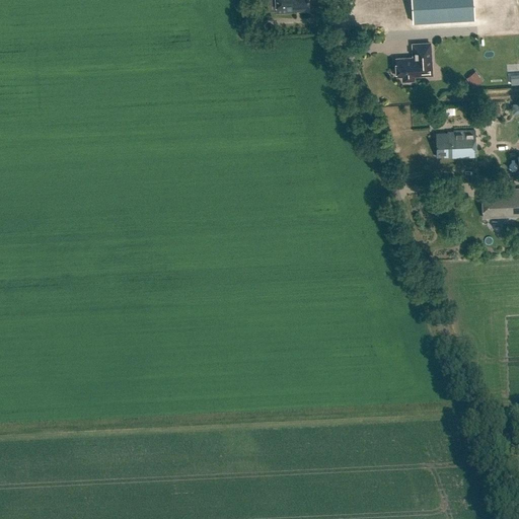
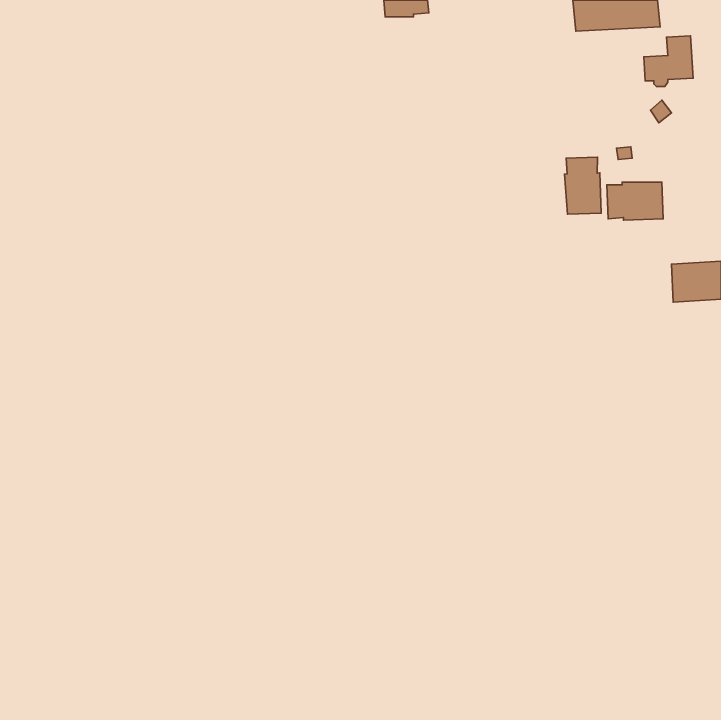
building: [394,44,430,80] -> [644,36,693,87]
building: none -> [565,157,601,214]

